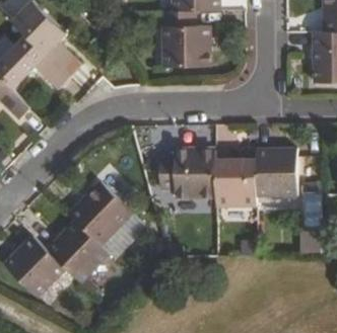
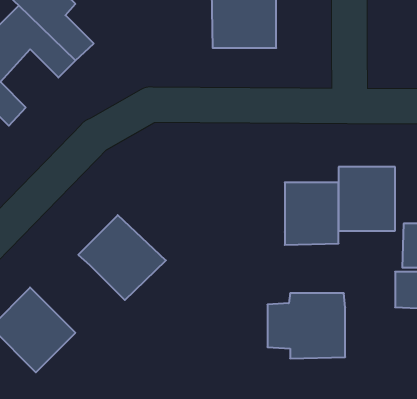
building: [160,151,216,197] -> [267,293,345,358]
building: [48,220,109,281] -> none

